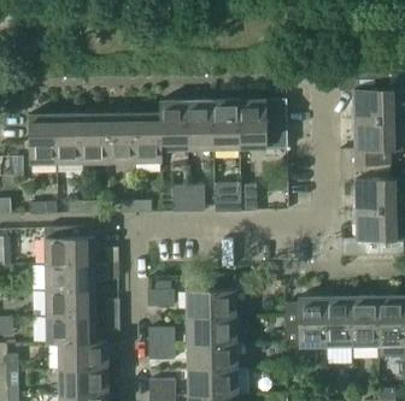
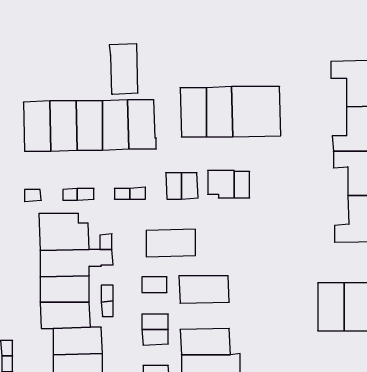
building: [158,100,187,151] -> [109,44,138,94]
building: [284,296,324,346] -> none
building: [186,316,235,343] -> [146,229,195,257]

